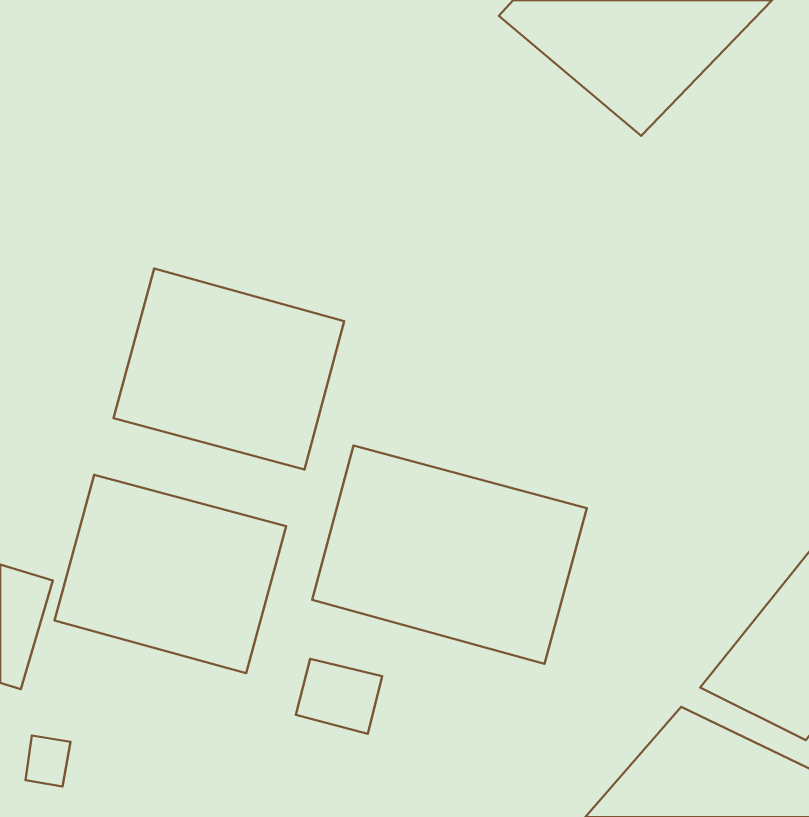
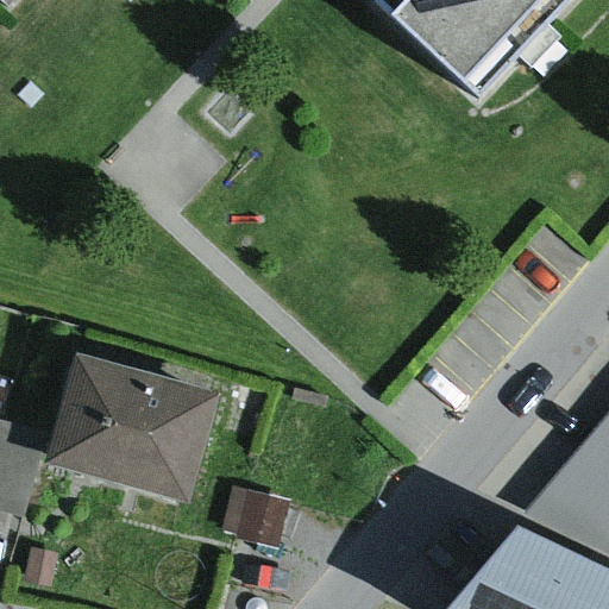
building: [113,269,344,469] -> none
building: [312,446,587,664] -> none

